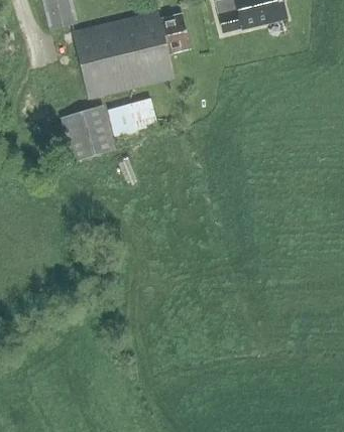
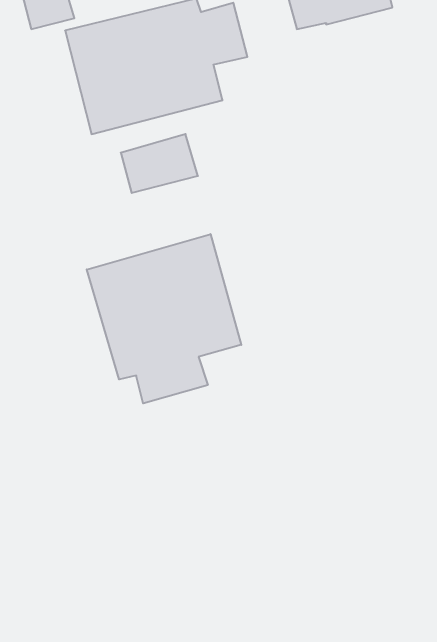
building: [61,105,115,160] -> none
building: none -> [87,234,241,403]

